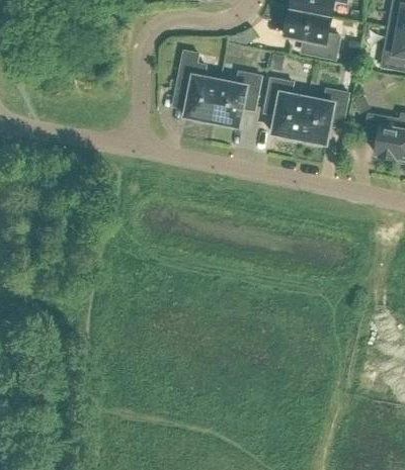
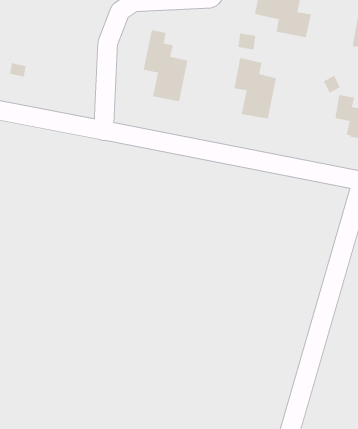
building: [212,72,261,127] -> none
building: [299,89,348,145] -> none

